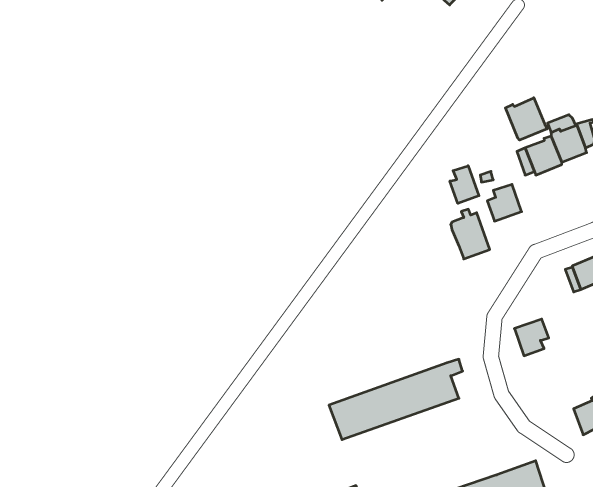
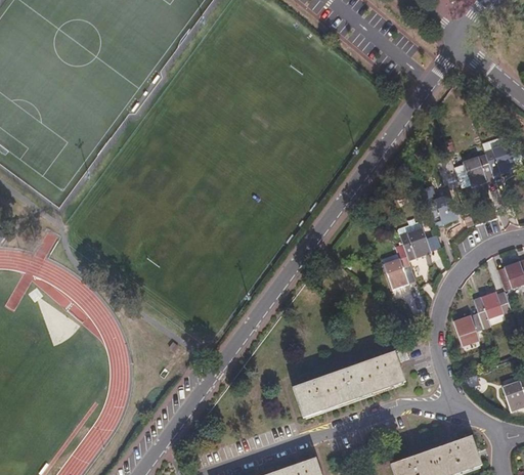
building: [505,98,547,140] -> none
building: [450,166,479,203] -> none
building: none -> [385,249,416,289]
building: none -> [472,291,512,329]

